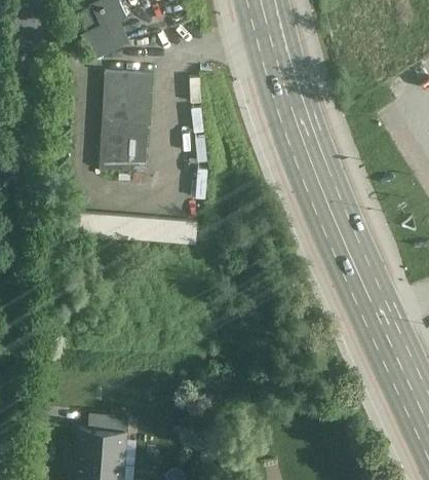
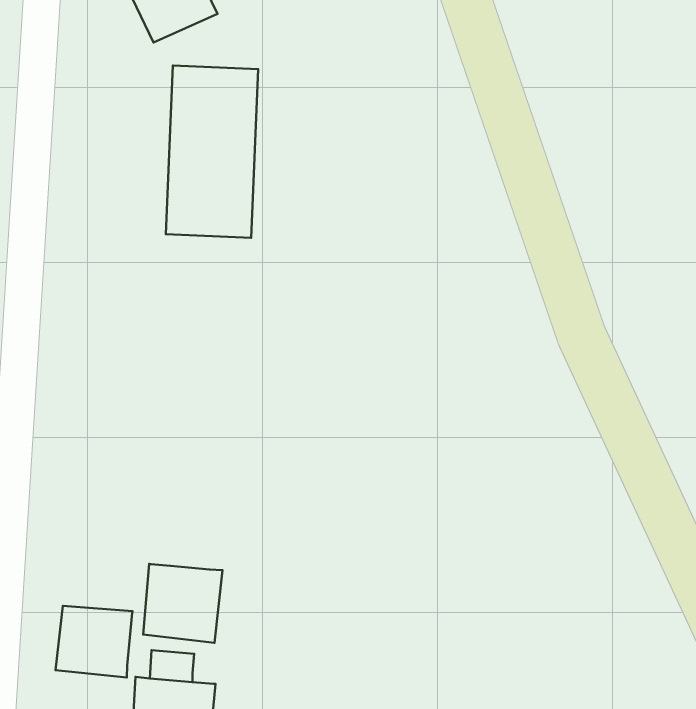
building: none -> [143,564,222,643]
building: none -> [56,606,132,678]

